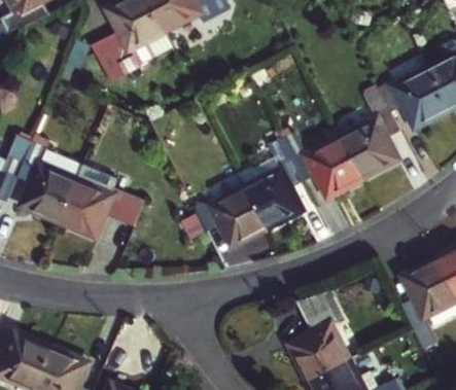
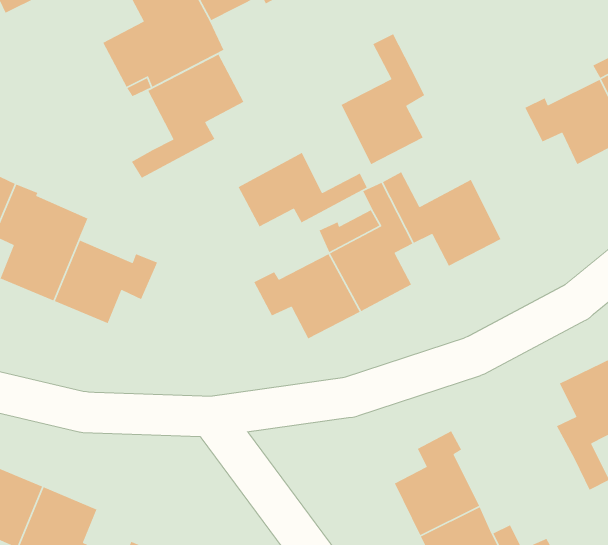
building: none -> [131,53,244,179]
building: [342,90,399,179] -> [341,33,425,165]
building: none -> [238,152,368,228]

